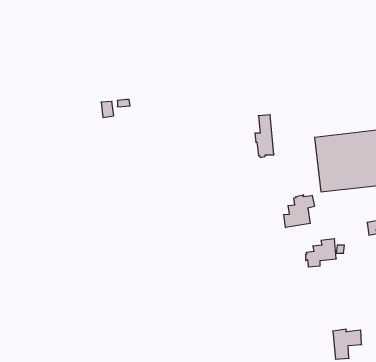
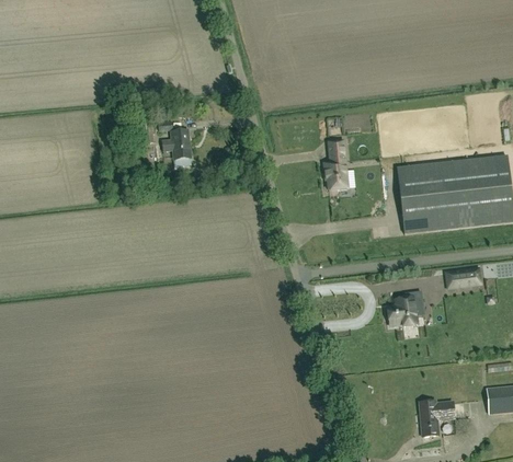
building: none -> [161,129,191,159]
building: [284,195,314,228] -> none

